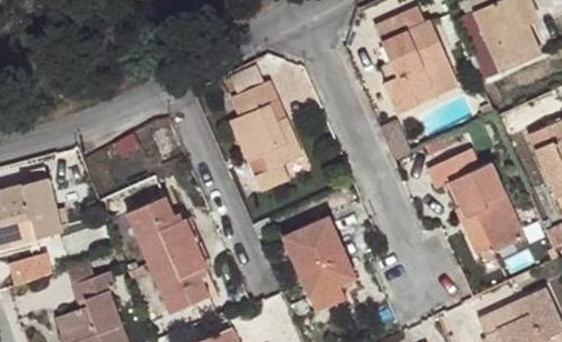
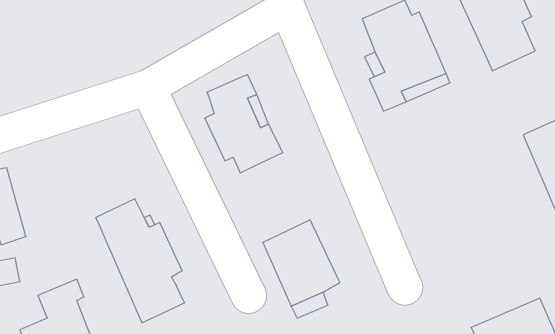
building: [428,150,523,253] -> none

